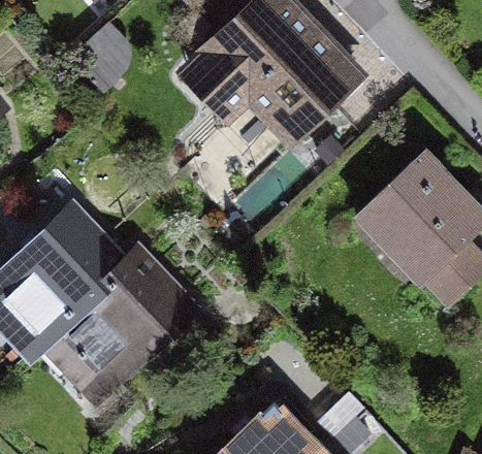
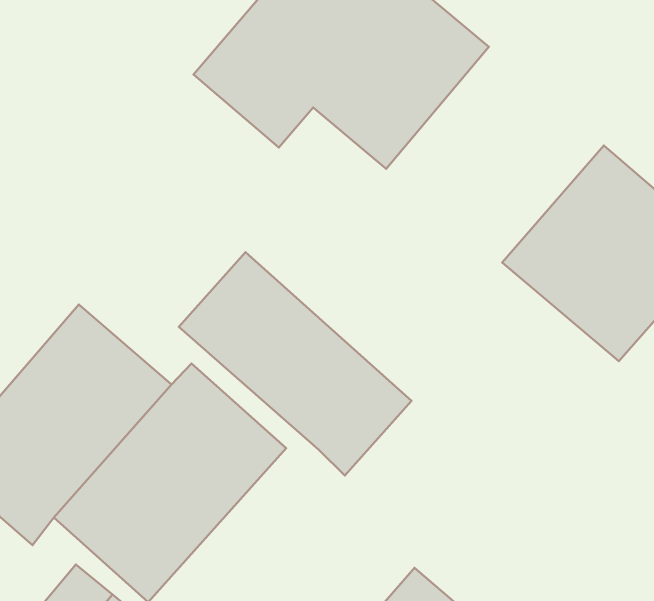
building: none -> [179,252,412,476]

